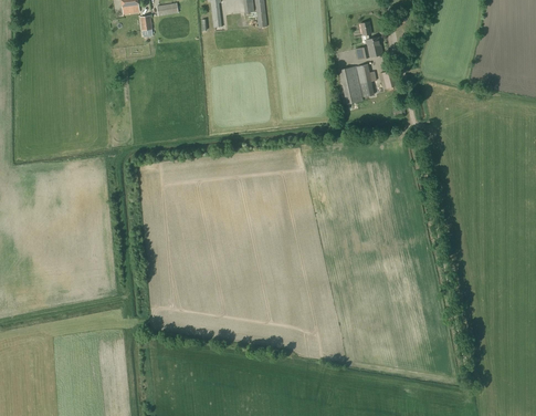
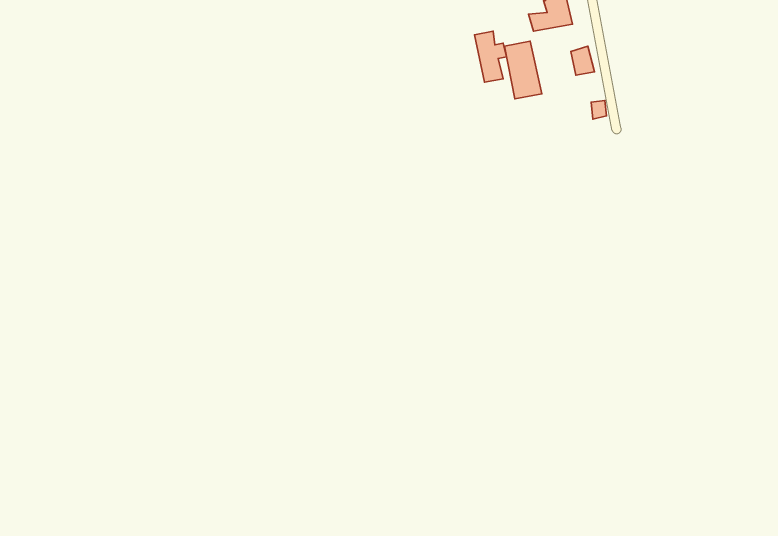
building: [355,64,376,97] -> [474,31,507,82]

